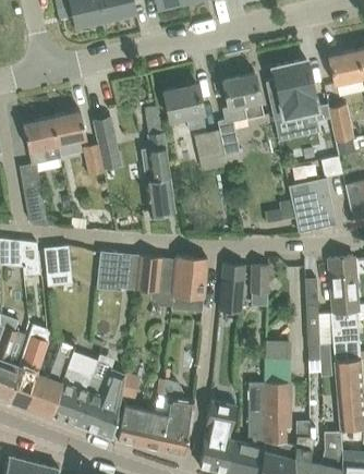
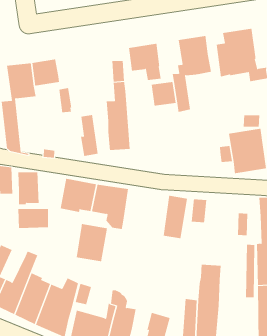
building: [96,119,120,169] -> [80,115,99,157]
building: [172,256,207,300] -> [76,223,108,262]
building: none -> [18,208,49,229]

